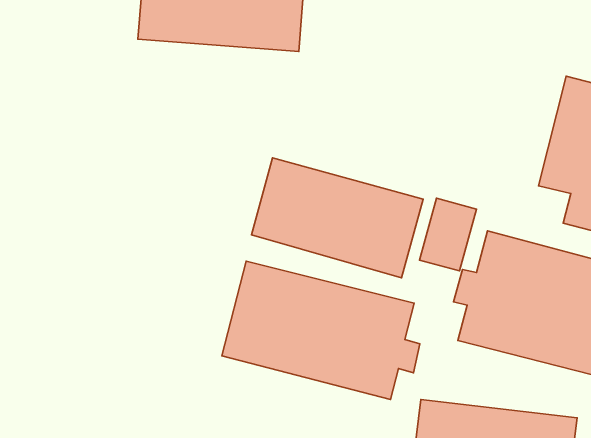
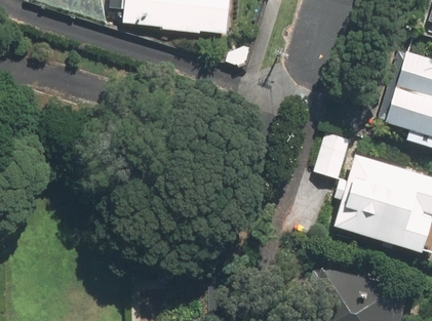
building: [252,158,423,278] -> none
building: [222,261,420,399] -> none

